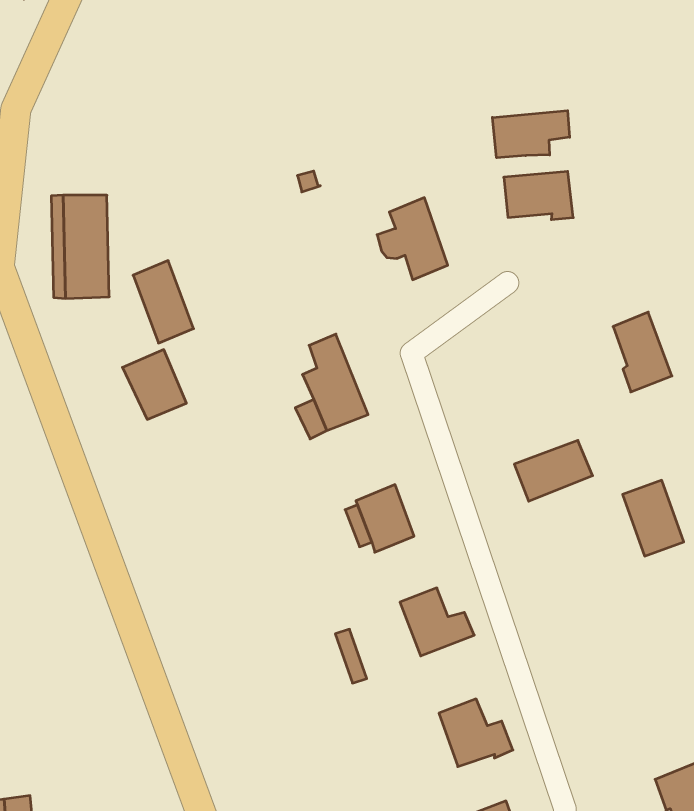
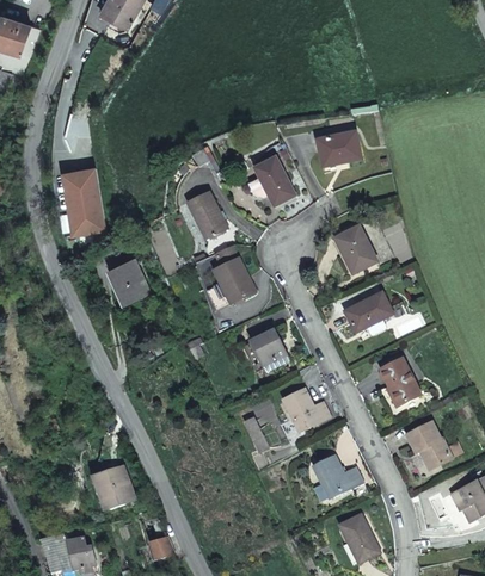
building: [492,111,570,158] -> none
building: [133,261,194,343] -> [189,187,228,237]
building: [613,312,672,392] -> [343,224,381,273]
building: [623,480,684,556] -> [383,358,423,404]
building: none -> [407,422,452,467]
building: none -> [91,469,130,509]

